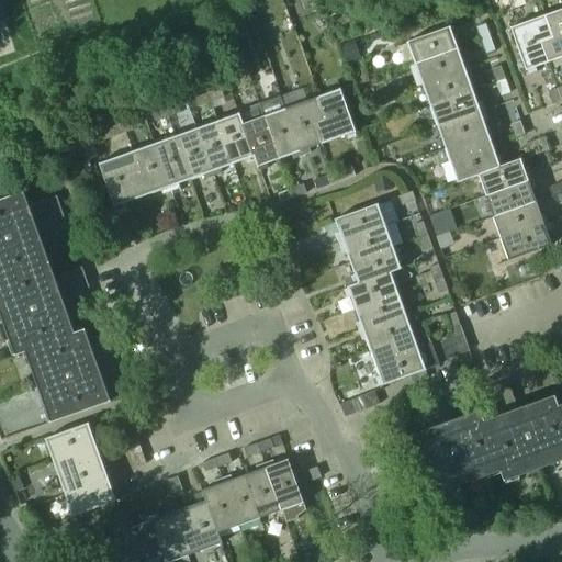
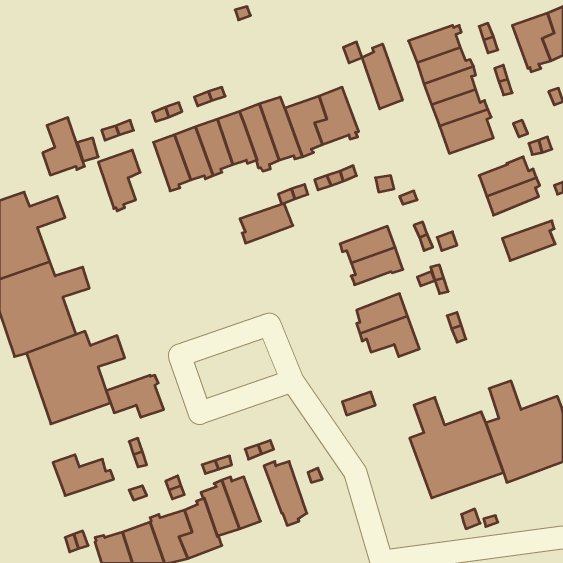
building: none -> [362,44,402,109]
building: [447,137,505,181] -> none
building: [127,142,169,199] -> [43,118,85,175]
building: [491,195,549,237] -> none
building: [333,203,385,243] -> [240,203,293,243]
building: [342,270,397,308] -> none
building: [369,342,425,385] -> none
building: [45,423,102,464] -> [106,375,164,417]
building: [243,463,280,518] -> none
building: [65,476,116,516] -> none

